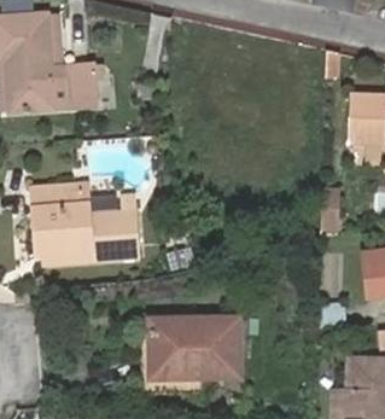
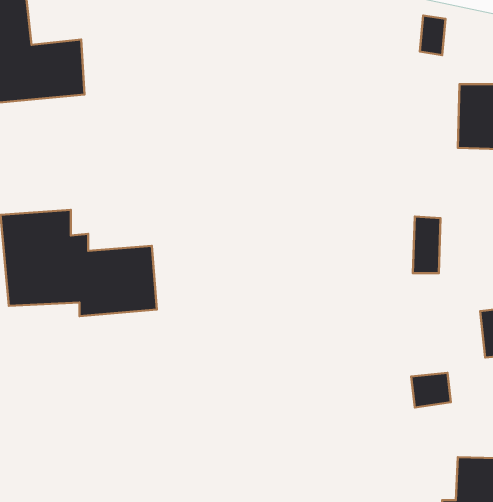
building: [151,319,238,377] -> none

